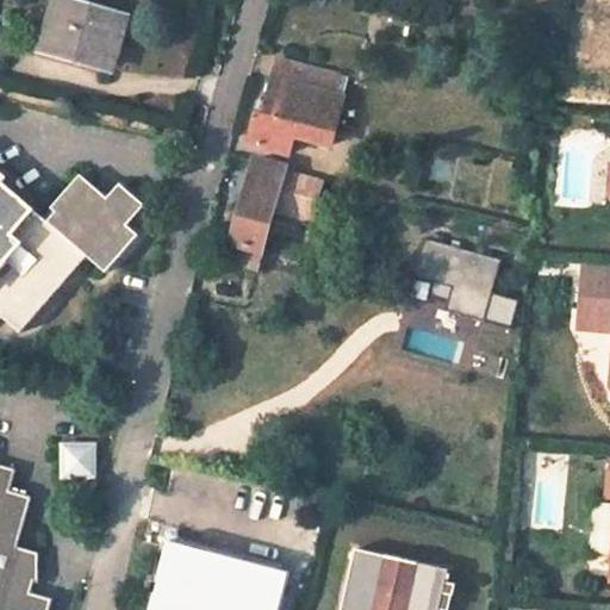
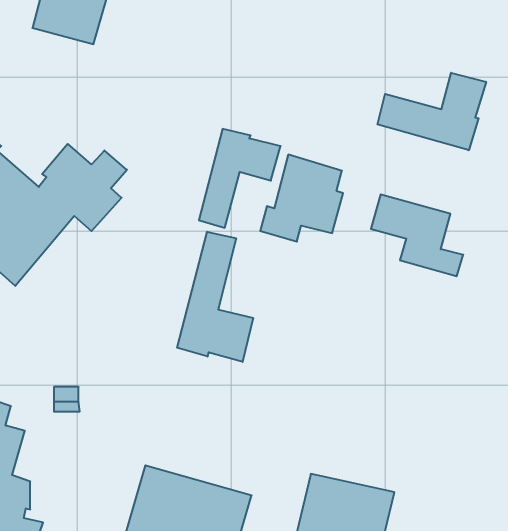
building: [245,60,337,156] -> [260,155,343,242]
building: none -> [377,73,486,150]
building: none -> [177,232,253,362]

